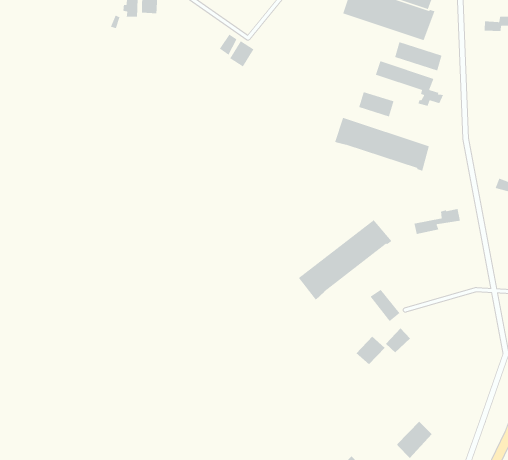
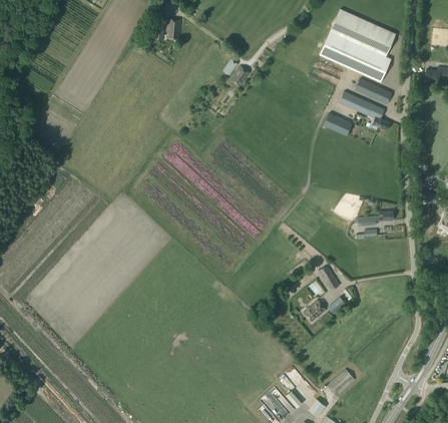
building: [334,117,430,172] -> none
building: [298,219,393,300] -> none

